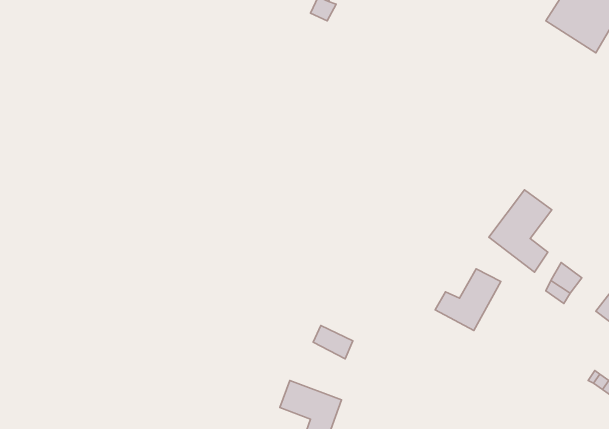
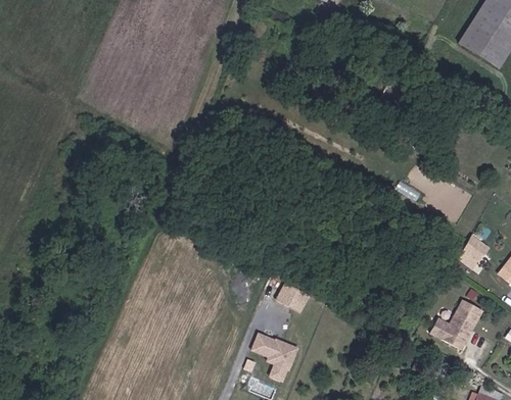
building: [489,190,552,272] -> none
building: [435,269,501,330] -> [430,300,482,349]

